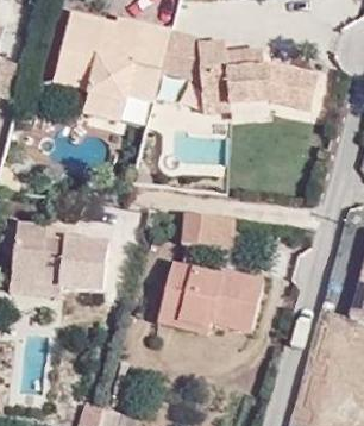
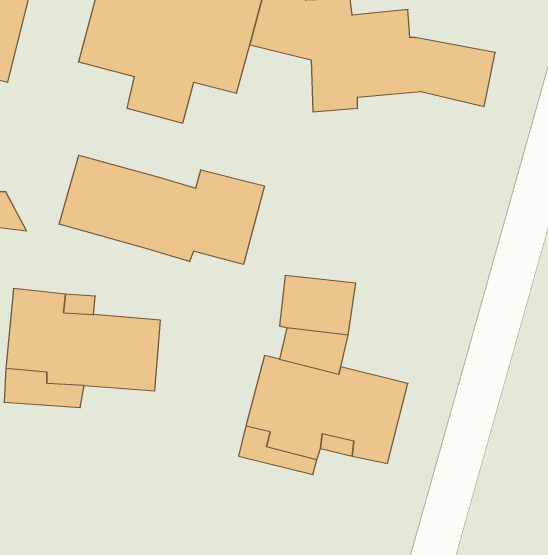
building: none -> [59,155,264,264]

